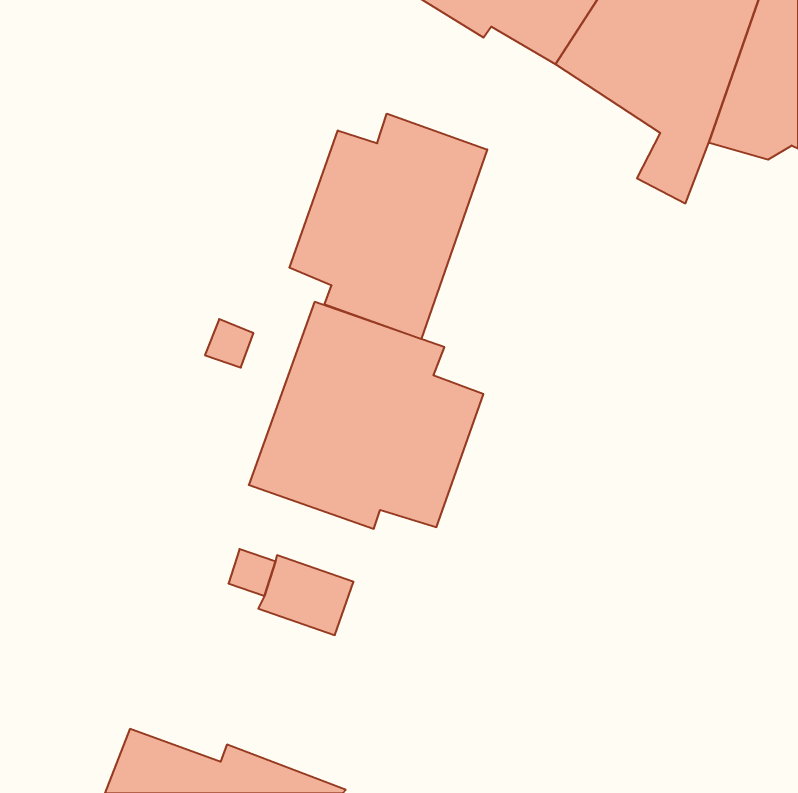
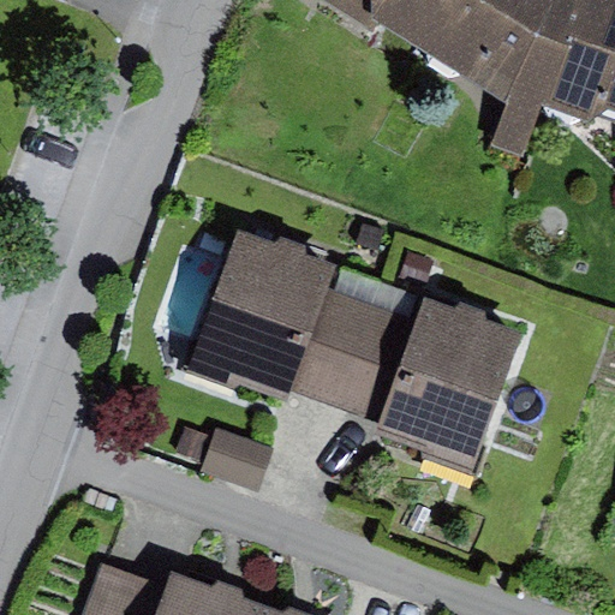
building: [289,114,487,339] -> none
building: none -> [335,299,521,472]

